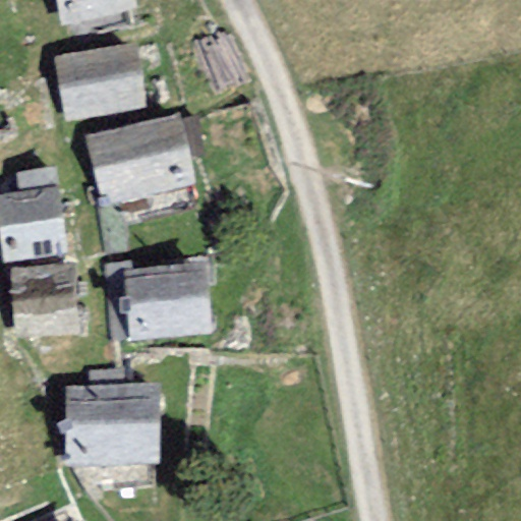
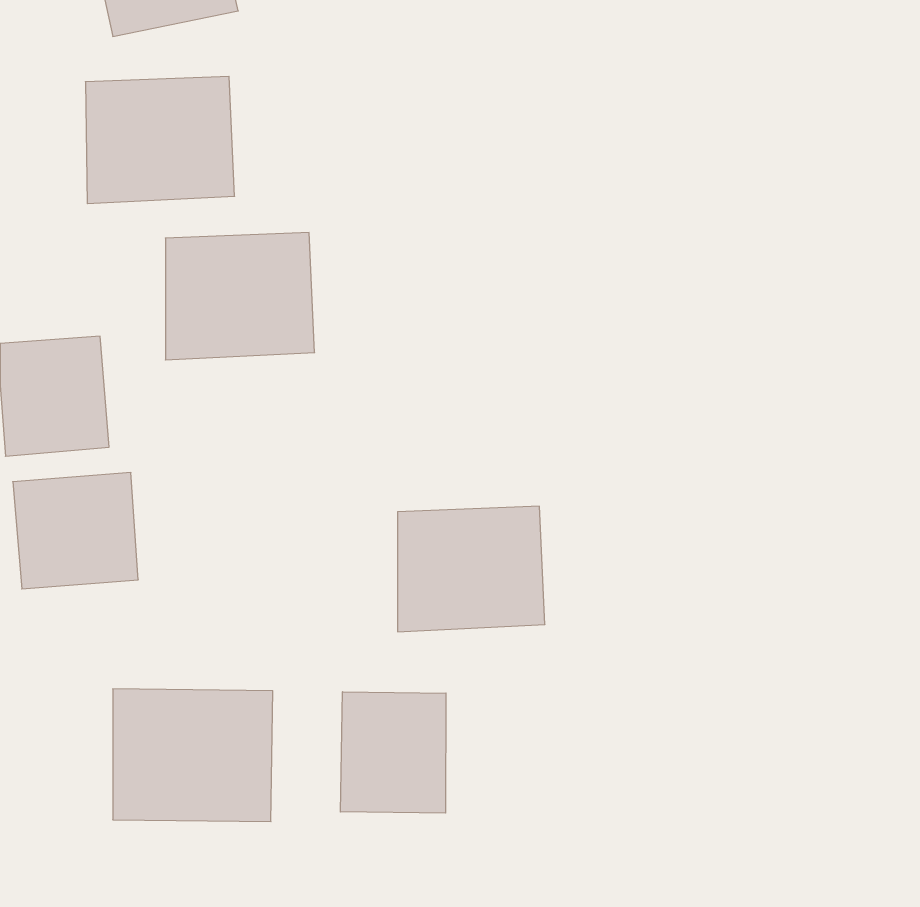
building: [113,274,195,344] -> [398,506,545,632]
building: none -> [340,692,446,813]

